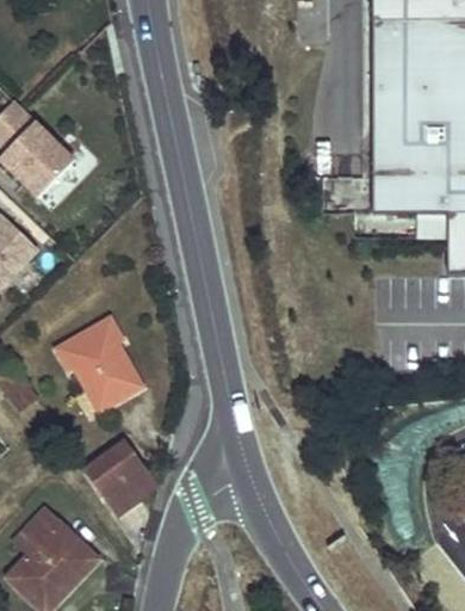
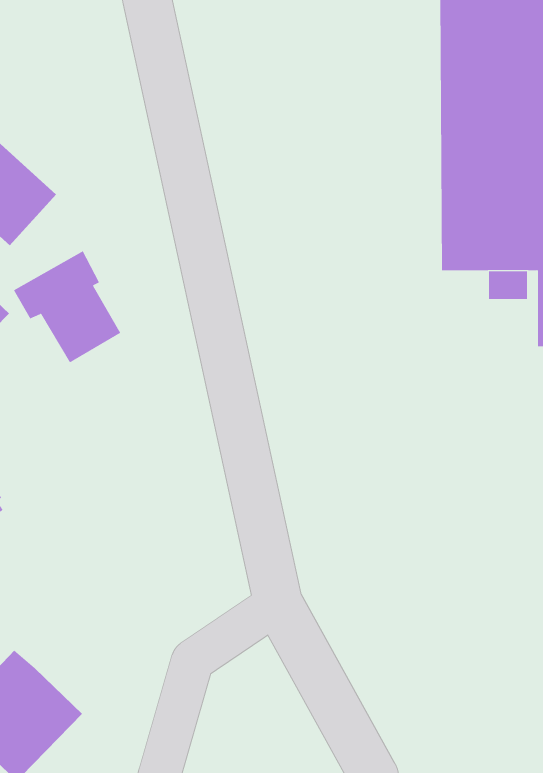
building: [56,321,141,409] -> [13,250,121,363]
building: [85,442,156,514] -> none

